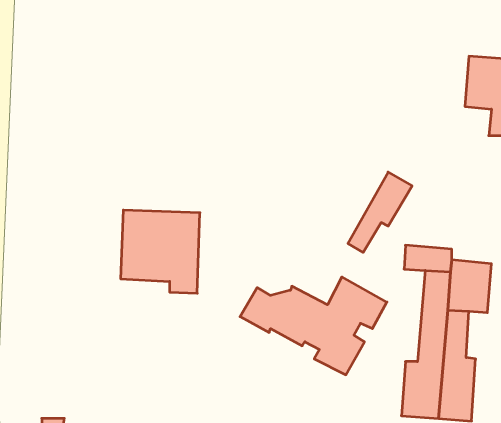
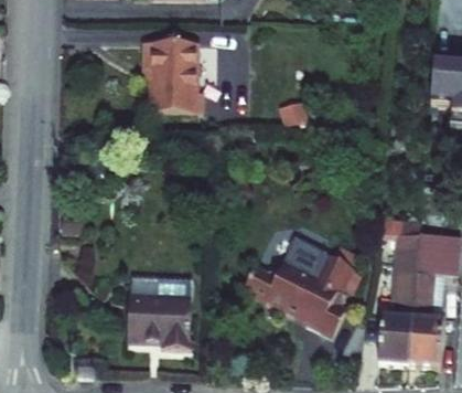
building: none -> [143,46,203,115]
building: [348,172,412,252] -> none
building: [121,210,200,293] -> [120,276,186,346]

